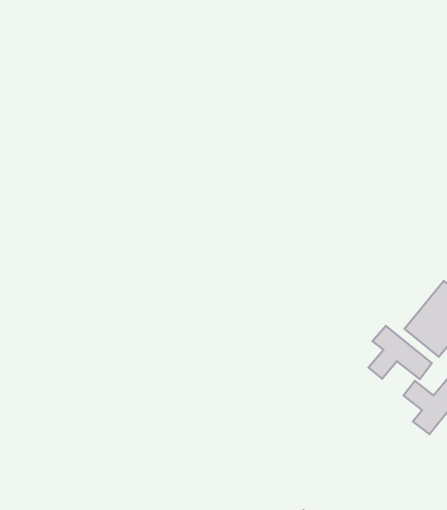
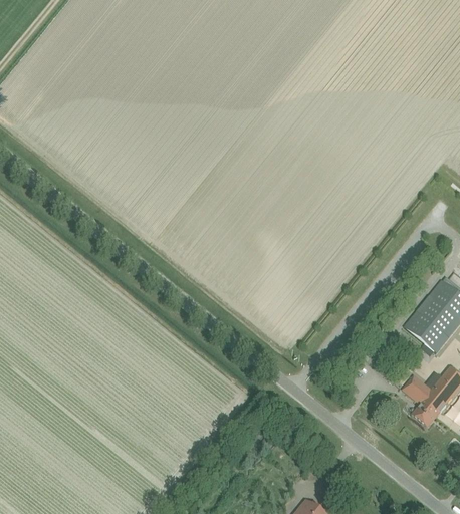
building: [369,326,432,379] -> none

